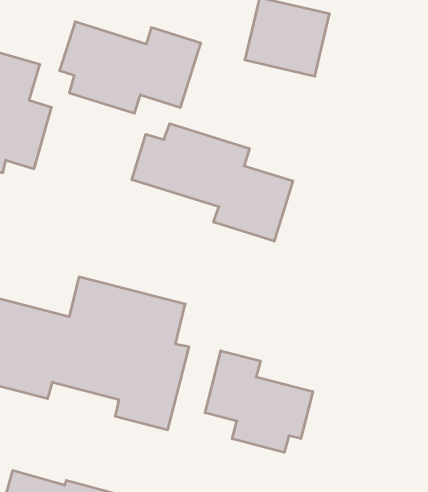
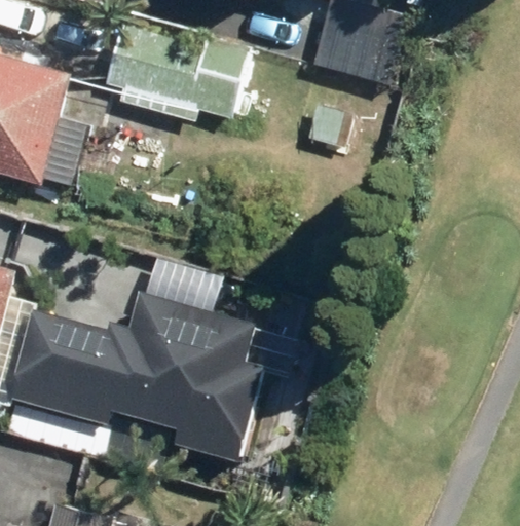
building: [132,124,293,241] -> none
building: [205,351,313,452] -> none

